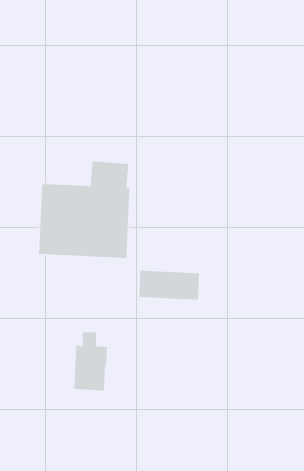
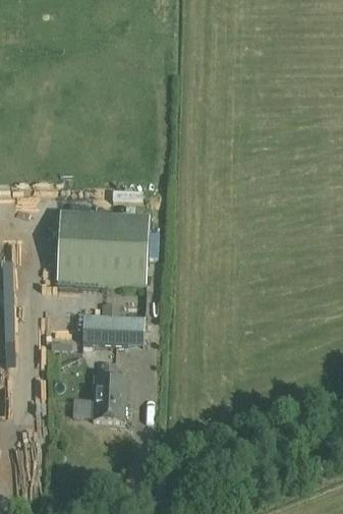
building: [138,270,200,300] -> [83,310,146,341]

